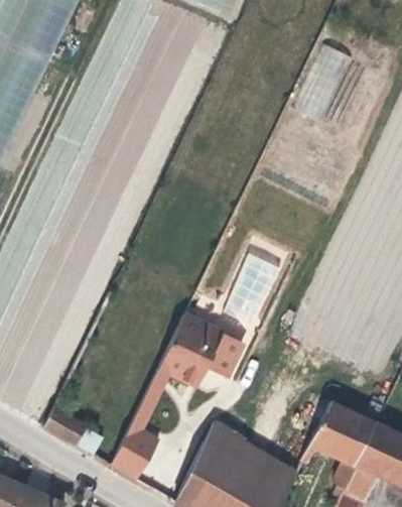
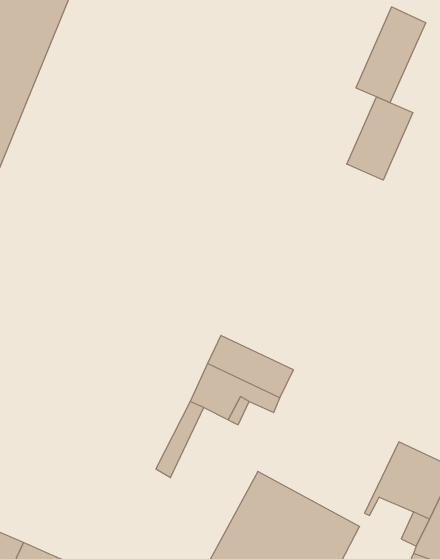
building: none -> [347,97,413,180]
building: [44,407,105,455] -> none
building: [112,423,160,480] -> none

